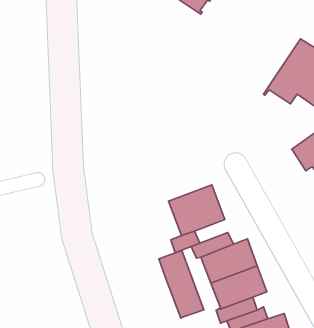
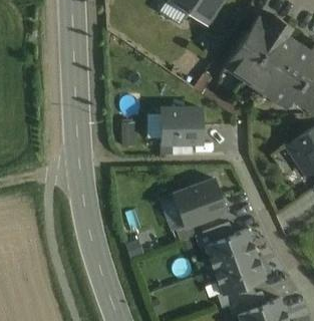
building: none -> [222,16,296,95]
building: none -> [162,109,202,143]
building: [159,250,204,318] -> none

